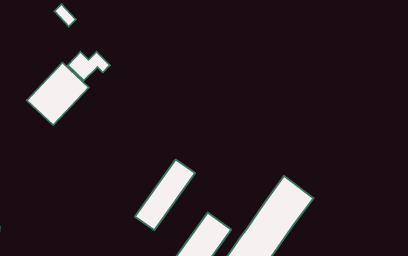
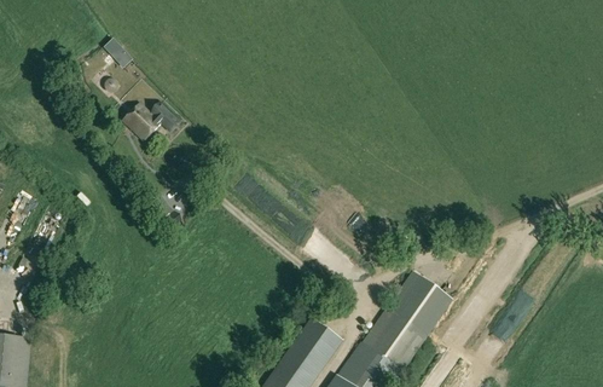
building: [27,63,89,125] -> none
building: [135,160,195,230] -> none

